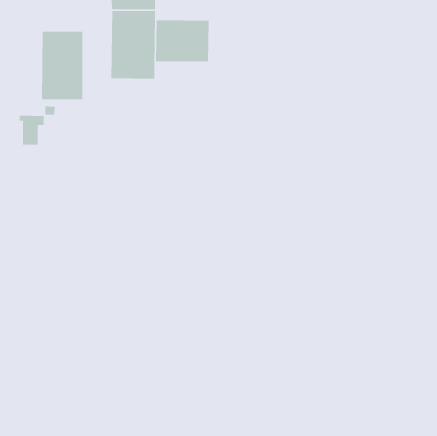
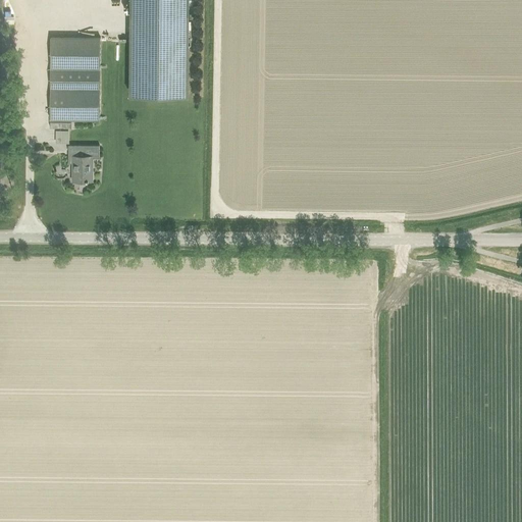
building: [155,19,209,62] -> none
building: [19,115,45,146] -> [67,144,98,180]

